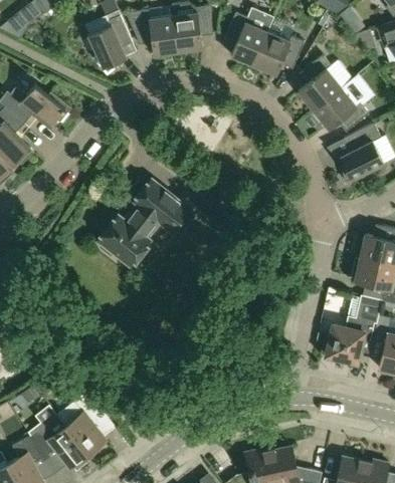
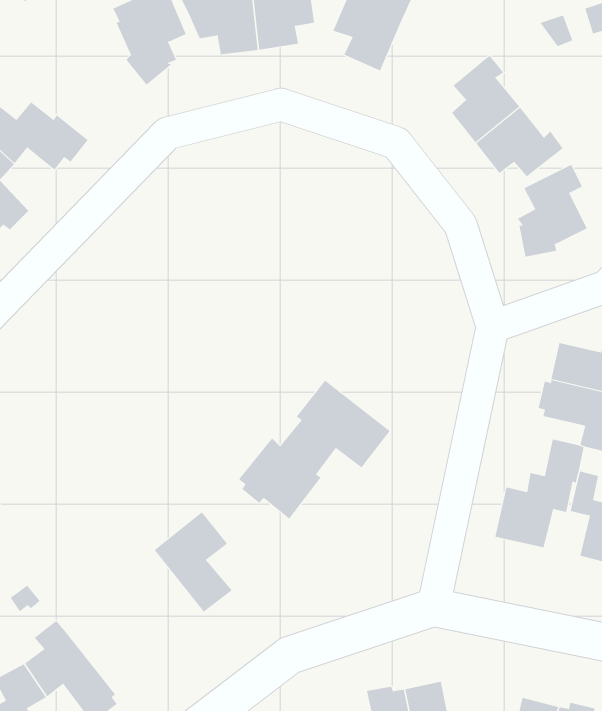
building: [253,31,304,74] -> none
building: [97,179,193,266] -> [238,380,391,519]
building: [56,391,106,454] -> [154,512,233,613]

